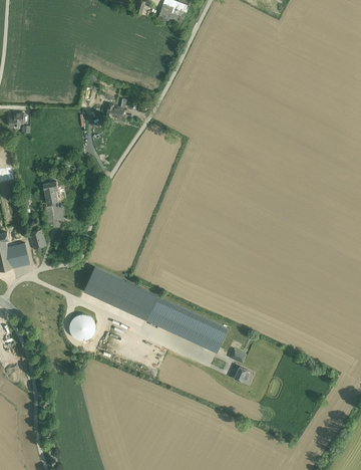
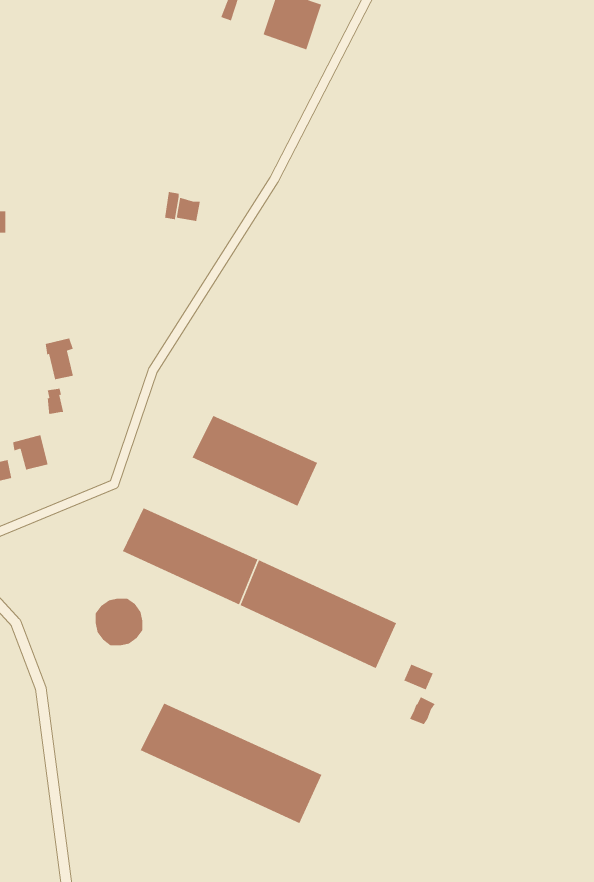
building: none -> [192,415,318,507]
building: none -> [140,702,323,824]

